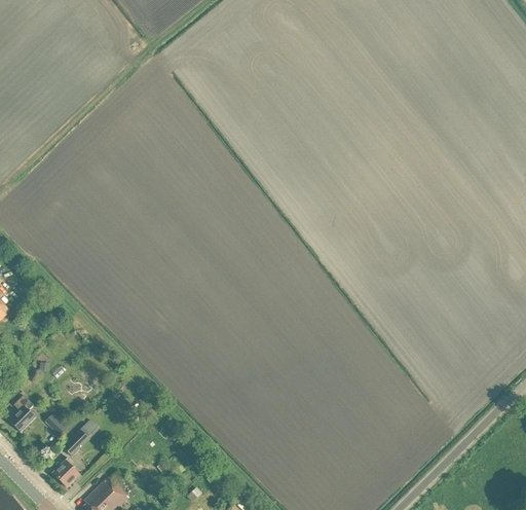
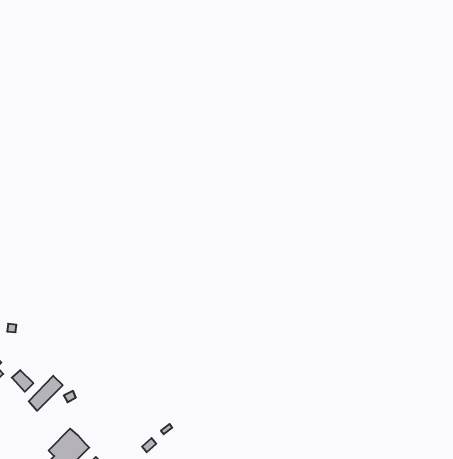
building: [51,456,81,485] -> none

